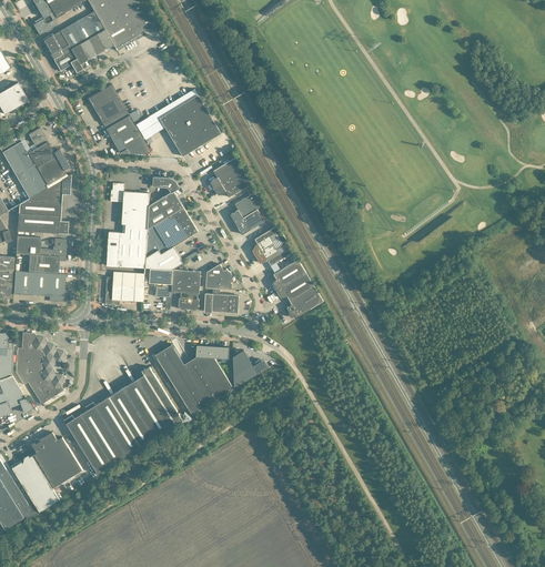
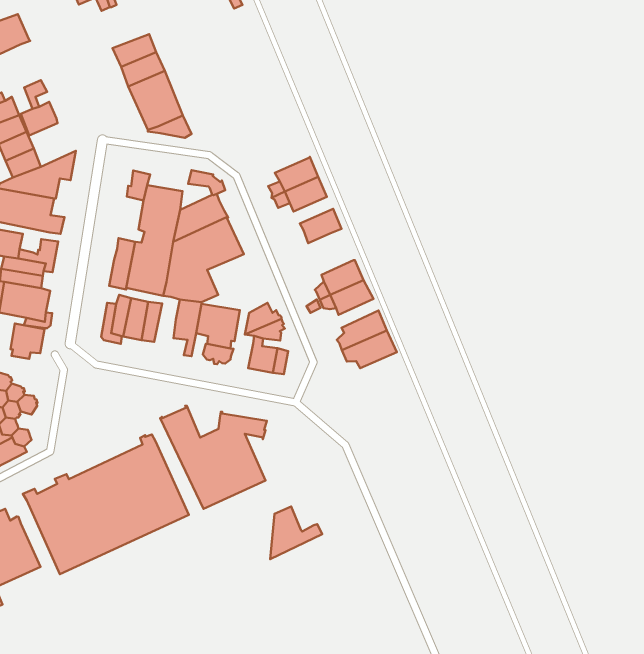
building: [158,94,220,156] -> none
building: [34,149,68,184] -> none
building: [228,209,263,234] -> none
building: [285,286,322,317] -> none
building: none -> [10,324,44,359]
building: [231,350,266,388] -> [270,507,322,559]

